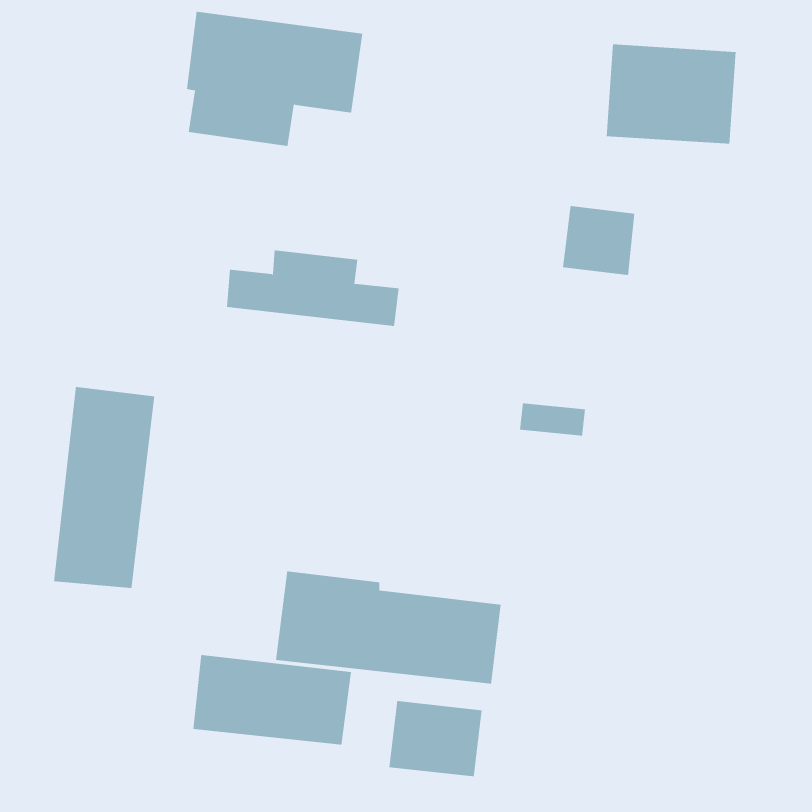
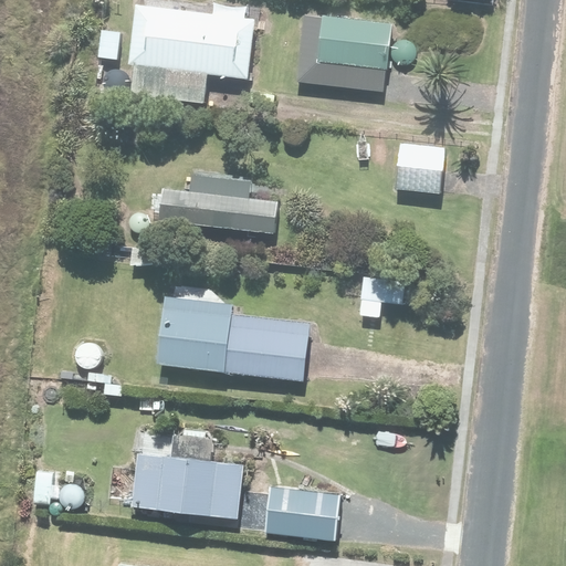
building: [606,44,736,144] -> [297,19,388,88]
building: [54,386,155,589] -> none
building: [275,571,501,684] -> [158,301,315,379]

